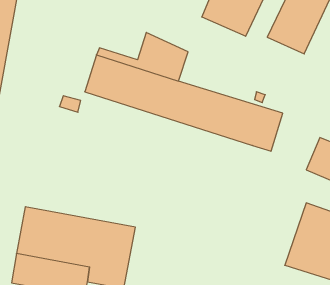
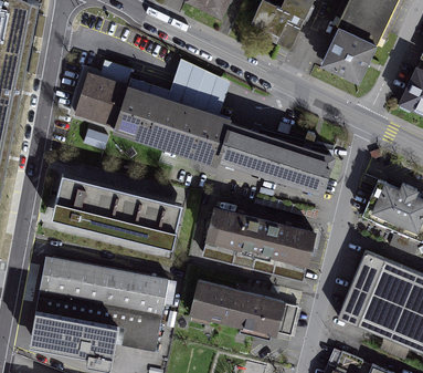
building: none -> [61,65,117,124]
building: none -> [47,176,183,249]
building: none -> [191,206,314,281]
building: none -> [181,276,303,340]

